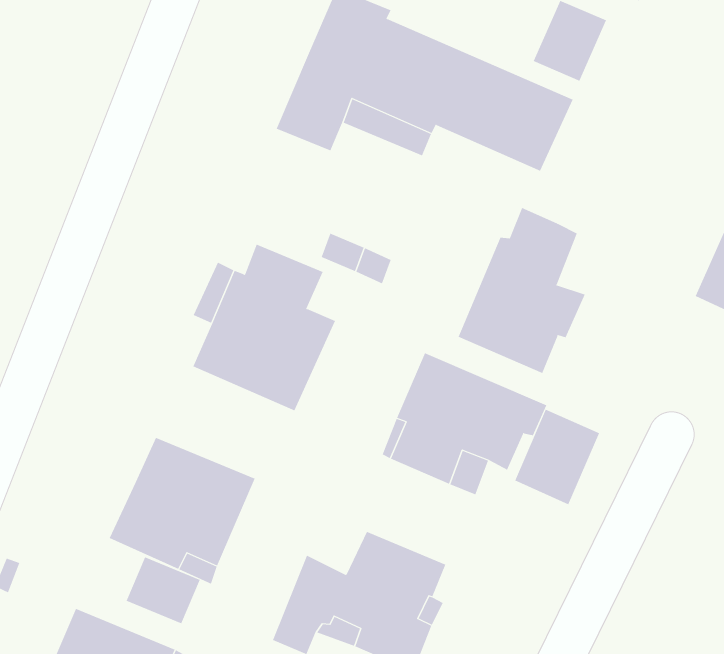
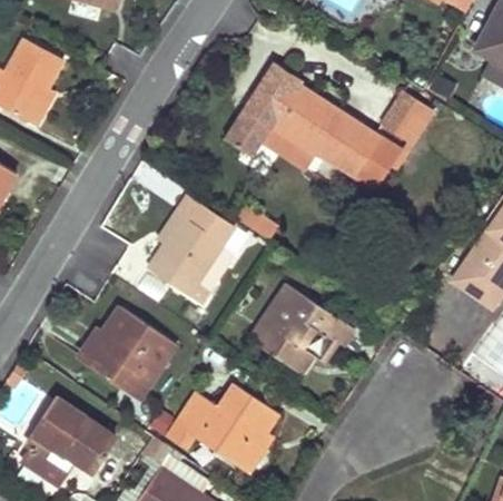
building: [458,207,585,374] -> none
building: [514,409,600,505] -> none
building: [126,557,200,624] -> none

